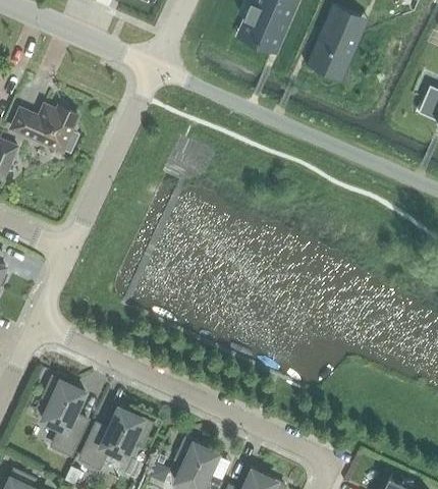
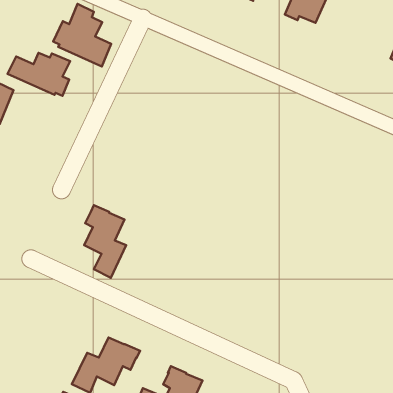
building: none -> [53,4,111,66]
building: [43,377,88,454] -> [84,205,126,278]

